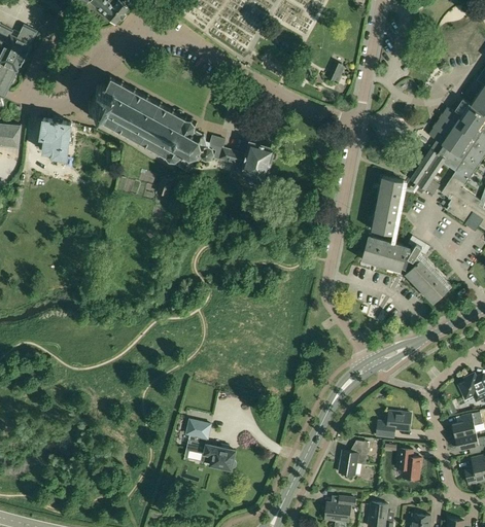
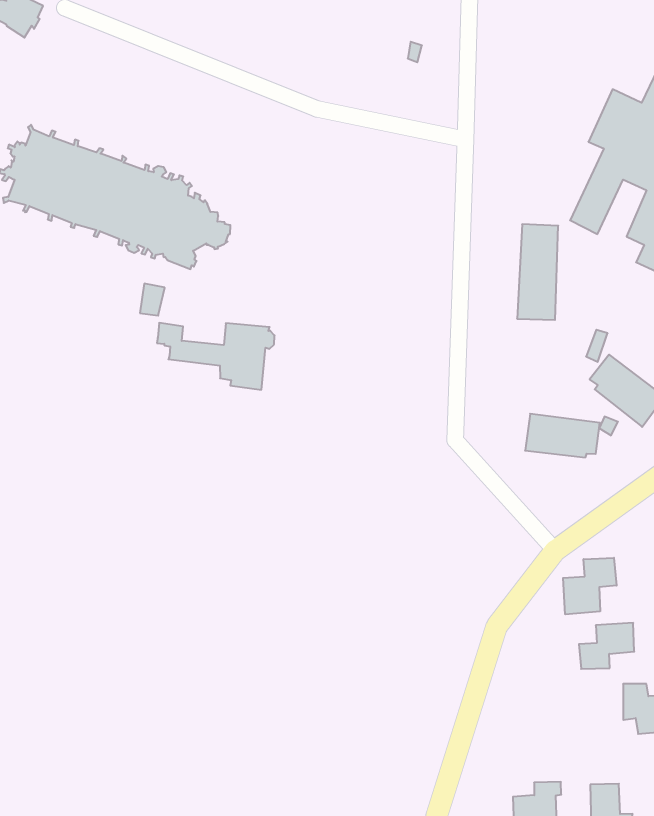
building: [208,136,276,183] -> [157,323,275,390]
building: [360,239,406,269] -> [525,414,600,457]
building: none -> [563,558,617,614]
building: [185,419,235,468] -> none
building: [338,441,369,475] -> none

